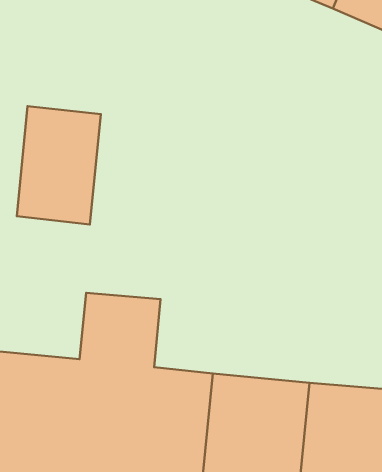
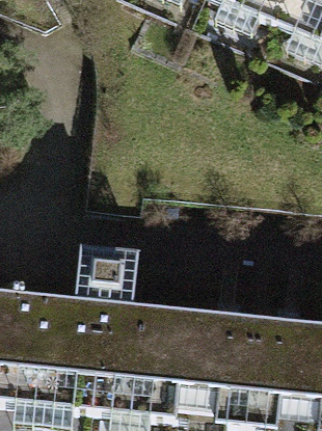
building: [17,106,101,224] -> none

